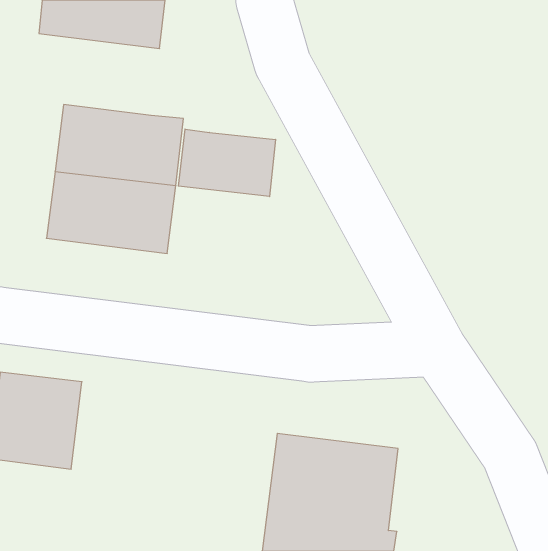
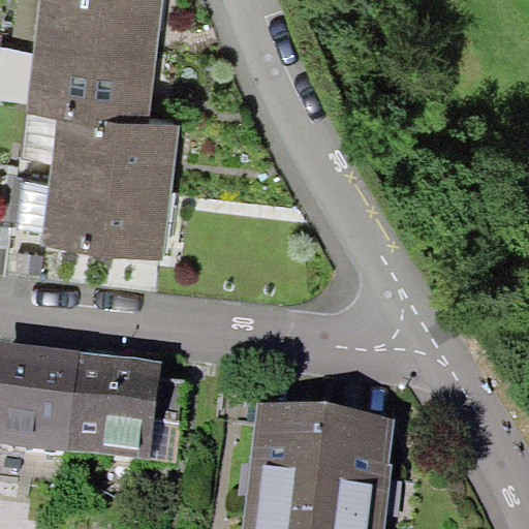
building: none -> [30,32,153,111]
building: [178,129,276,197] -> none
building: none -> [68,366,183,459]

